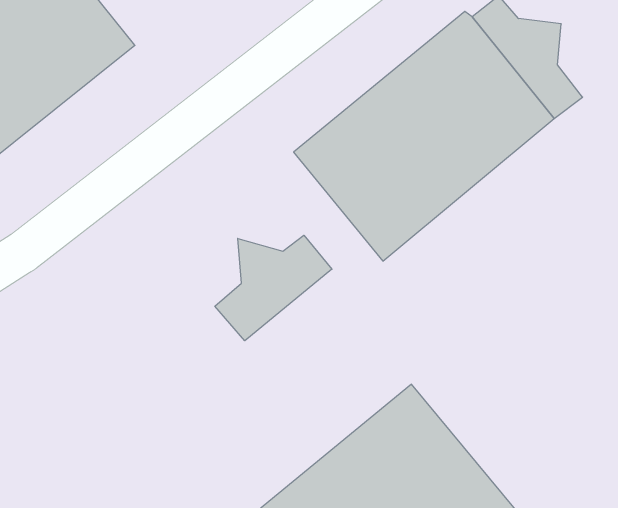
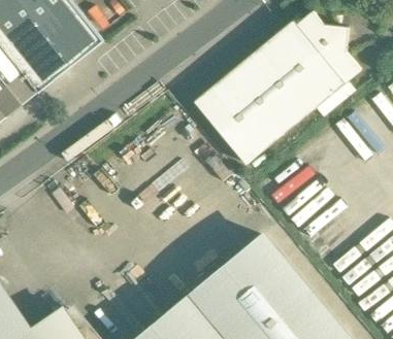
building: [215,235,332,341] -> none

